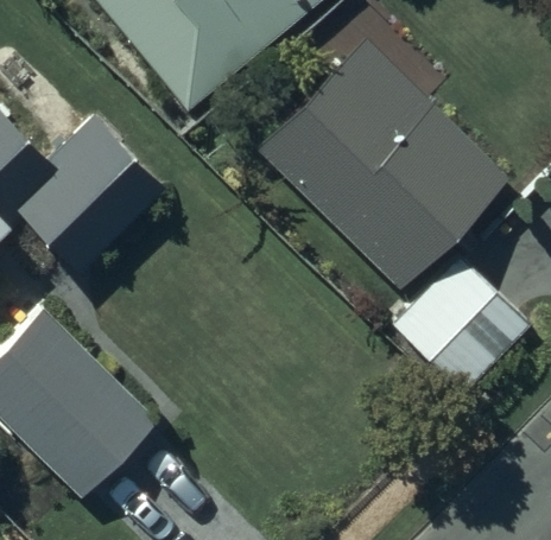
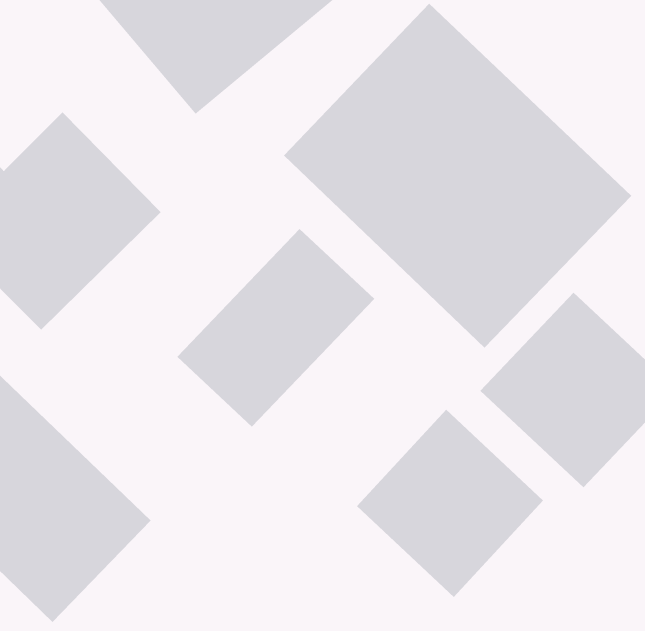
building: none -> [176,228,375,427]
building: none -> [356,409,544,598]

